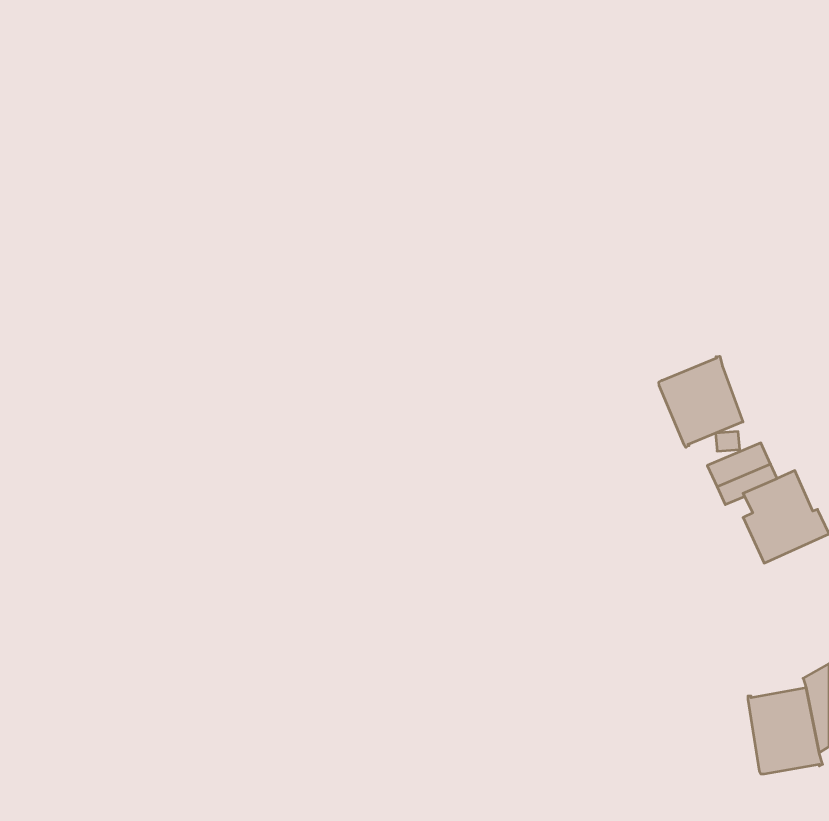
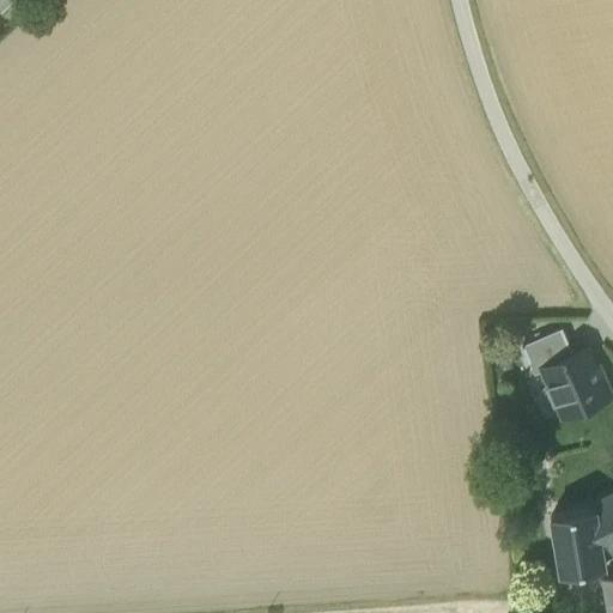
building: [659,356,743,447] -> none

